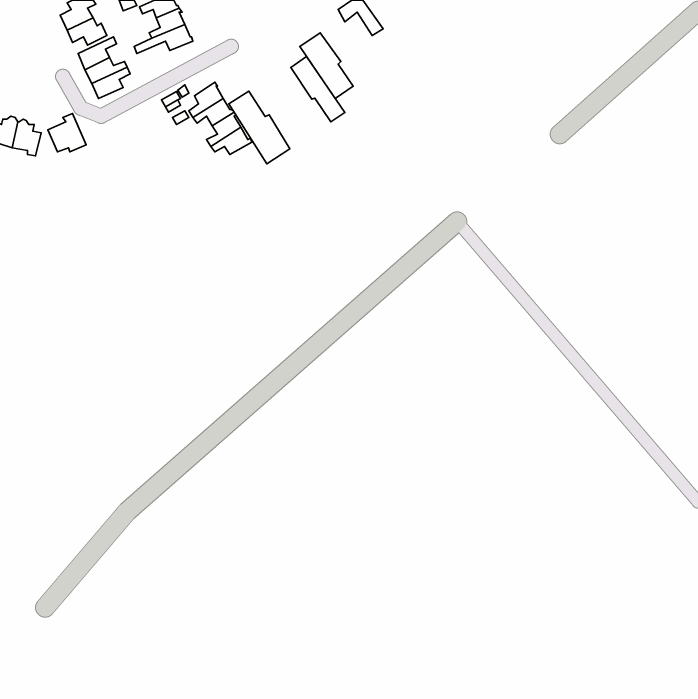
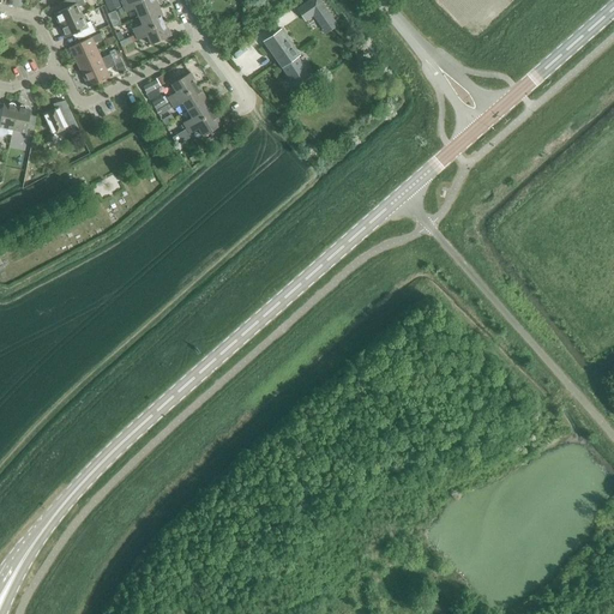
building: [291,57,345,122] -> none
building: [229,91,290,164] -> none

